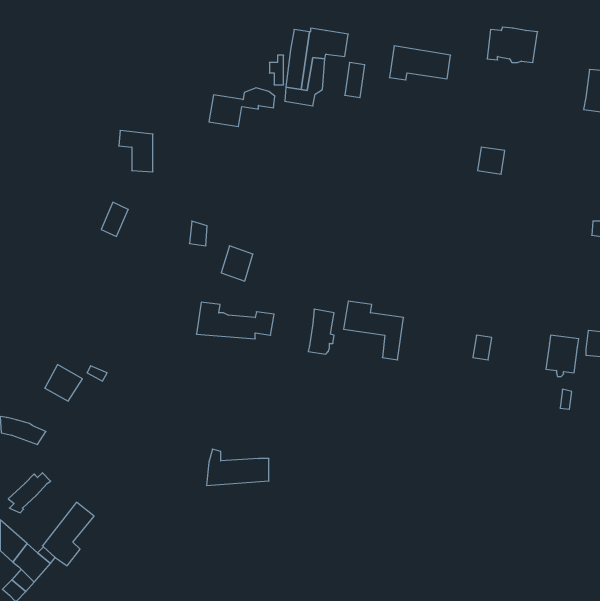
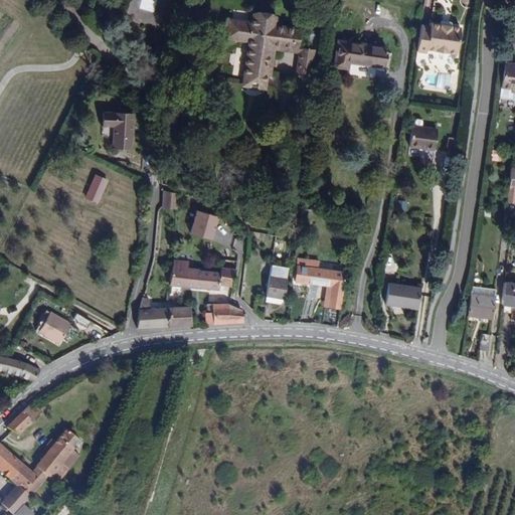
building: [209,88,275,127] -> [224,9,281,42]
building: none -> [385,283,408,307]
building: none -> [205,303,246,324]
building: [207,449,269,486] -> [137,298,190,329]

